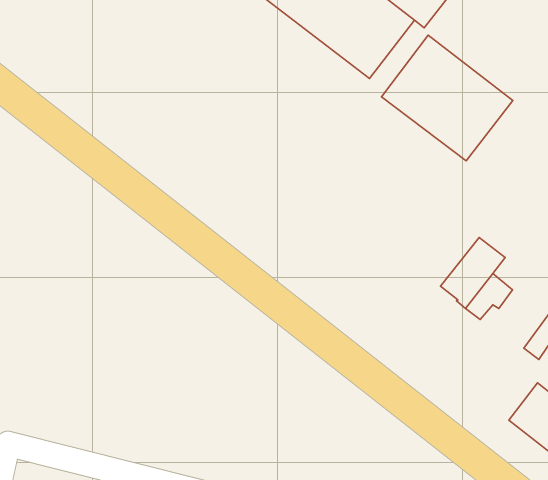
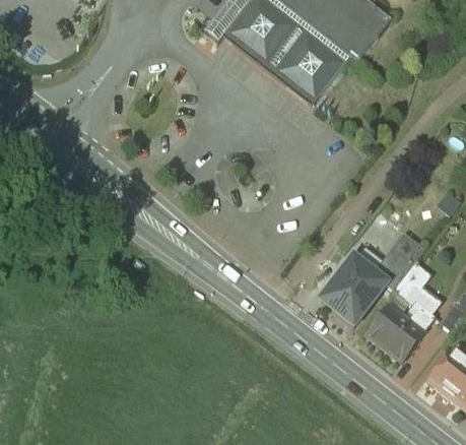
building: [382,35,513,161] -> none
building: none -> [320,254,386,324]
building: none -> [367,299,436,359]

